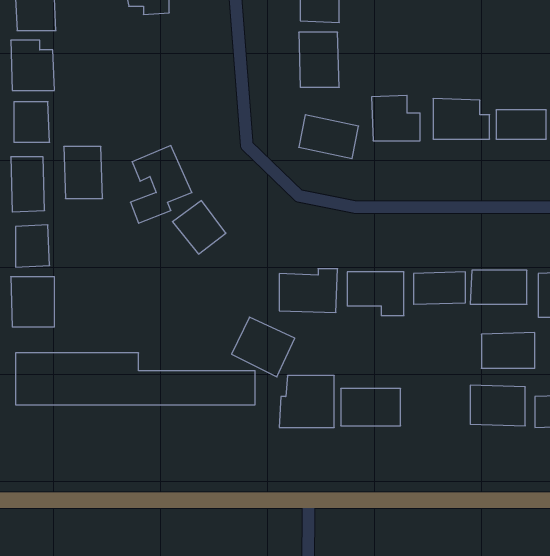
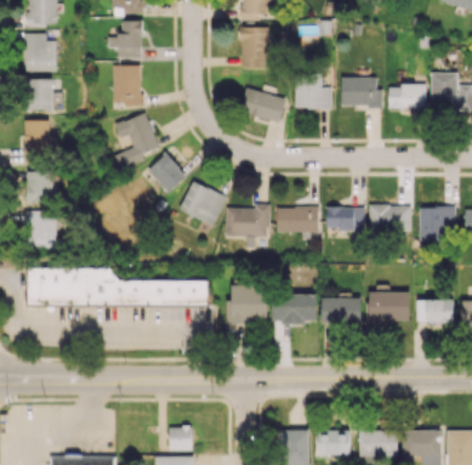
building: none -> [108,21,142,58]
building: [64,147,103,198] -> [113,66,142,104]
building: [232,317,295,377] -> [180,181,227,226]
building: [481,333,535,368] -> [322,297,362,324]

